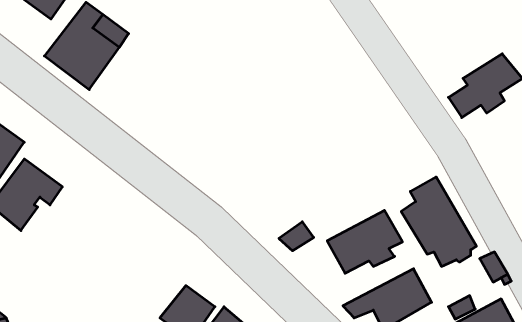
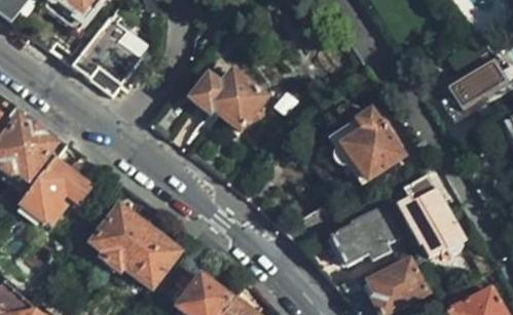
building: none -> [189,71,264,129]
building: none -> [330,108,405,183]
building: none -> [91,205,178,286]

